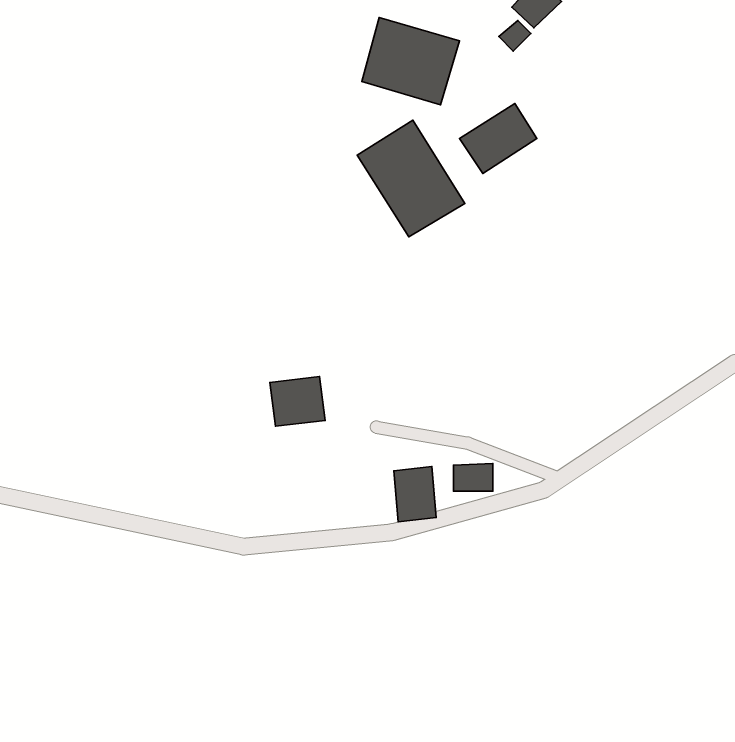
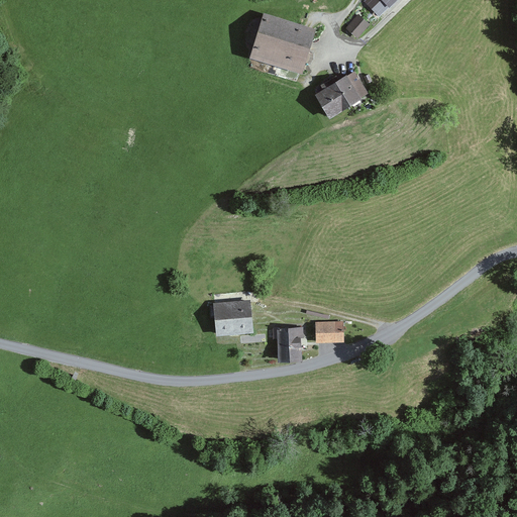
building: [357,120,465,237] -> none
building: [270,377,325,426] -> [213,300,251,334]

